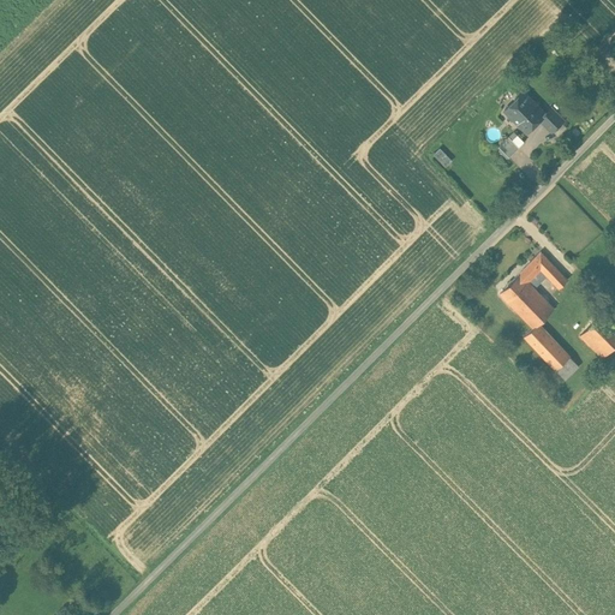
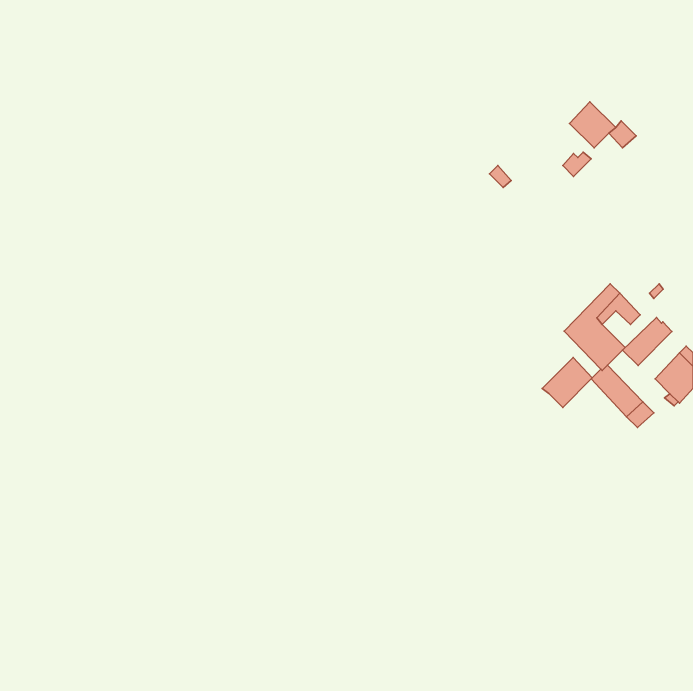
building: none -> [623,318,672,365]
building: none -> [542,357,592,407]

